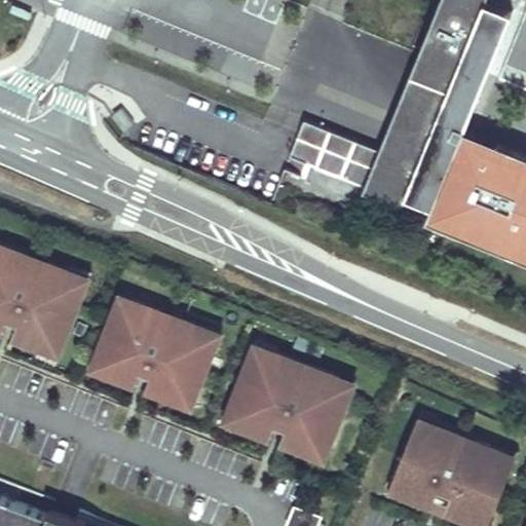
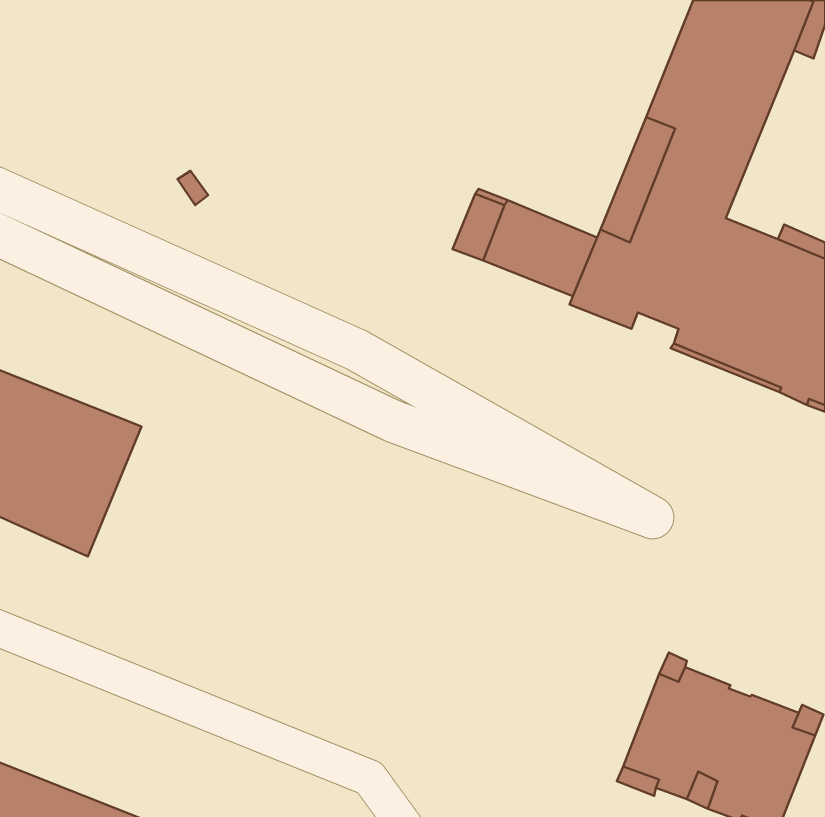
building: [85,291,220,410] -> none
building: [220,341,354,464] -> none

